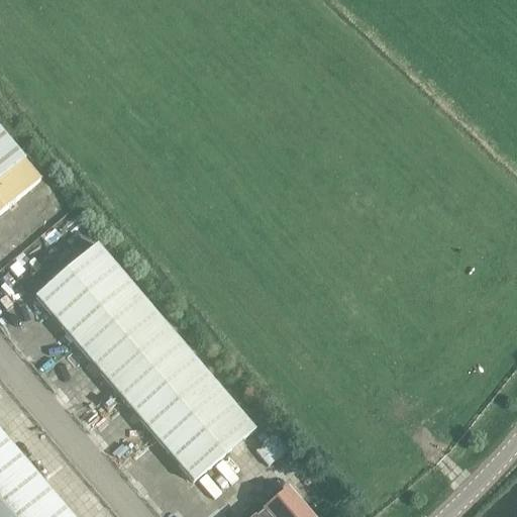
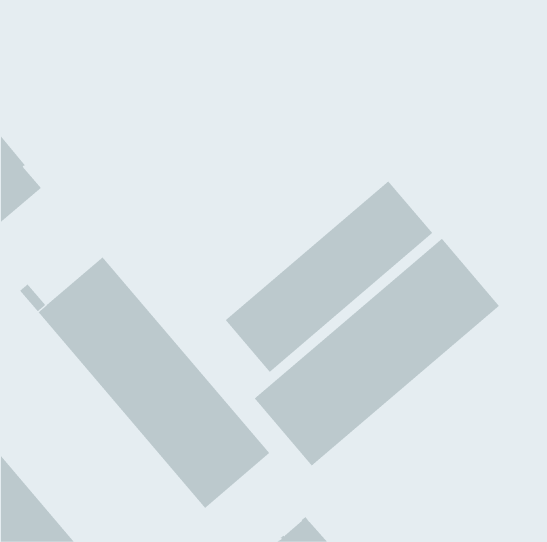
building: none -> [225,181,433,373]
building: none -> [254,238,500,466]

